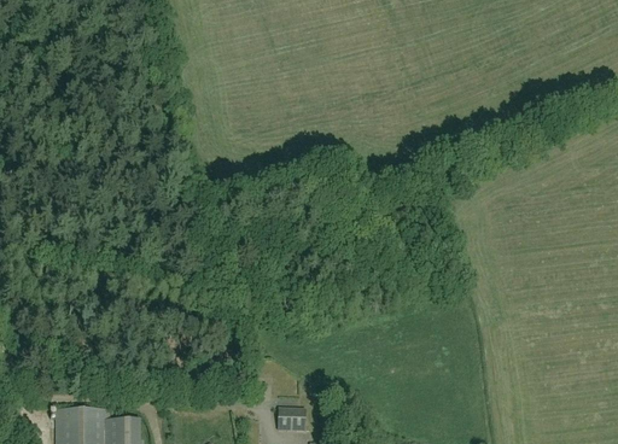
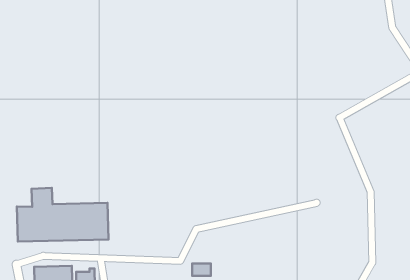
building: none -> [17,188,108,242]

